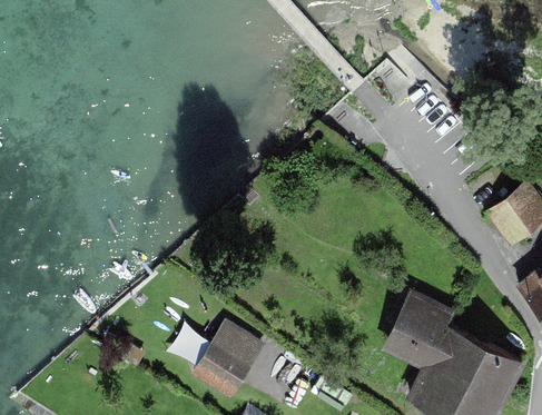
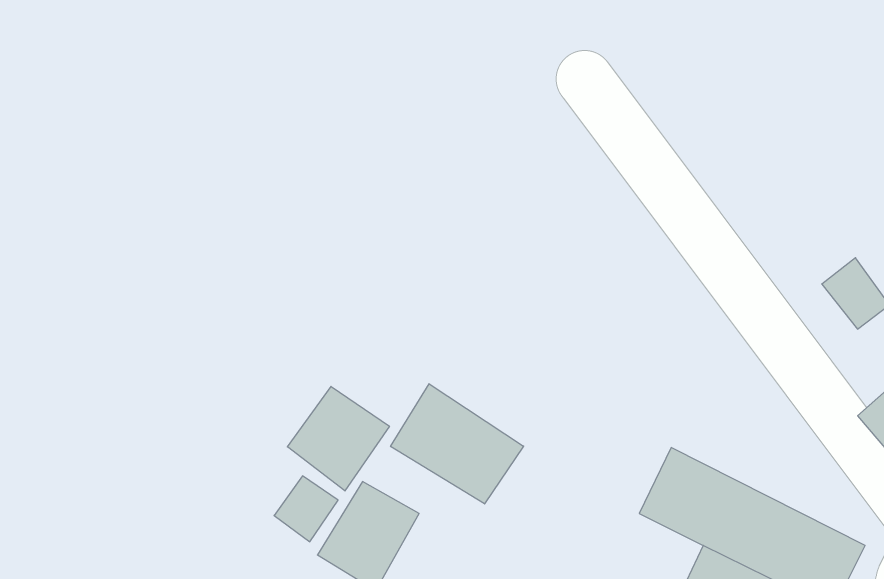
building: none -> [391,384,524,504]
building: none -> [287,386,389,491]

